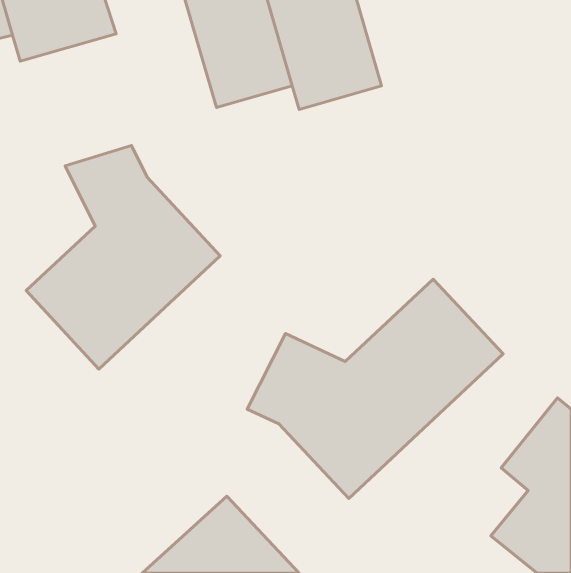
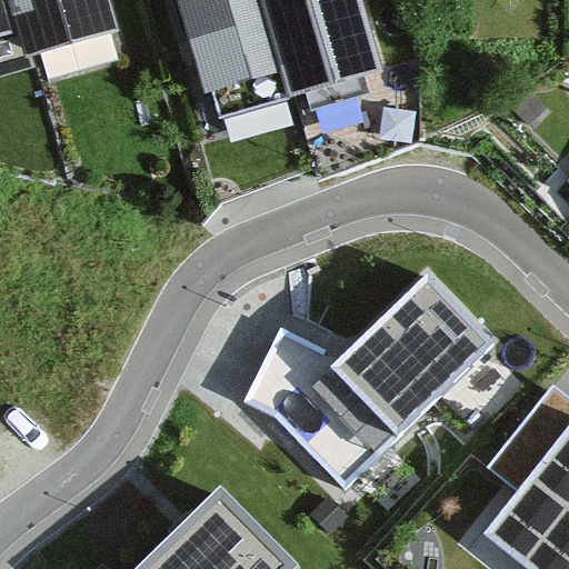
building: [26,145,220,369] -> none

